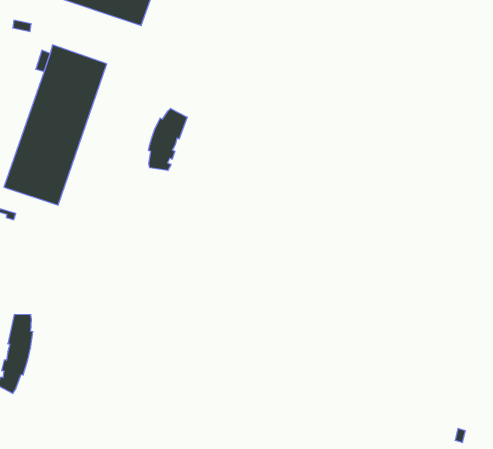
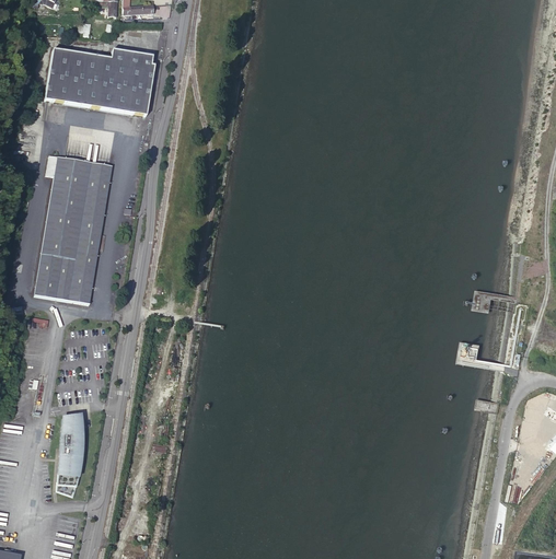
building: [148,108,187,171] -> none

